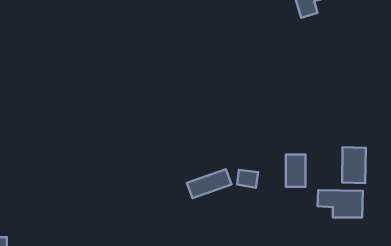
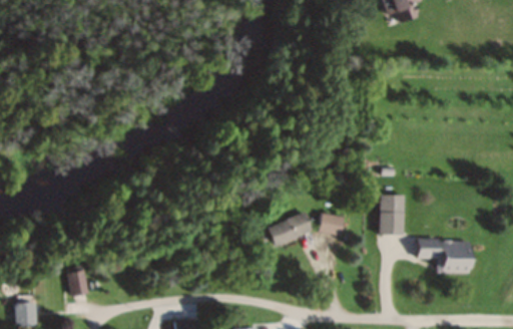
building: [342,147,366,183] -> none
building: none -> [69,269,86,296]

